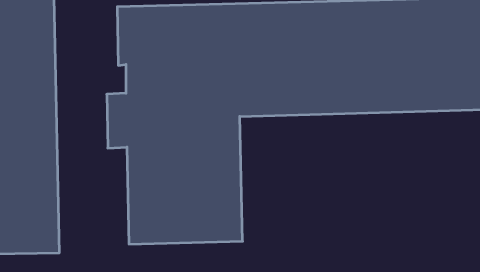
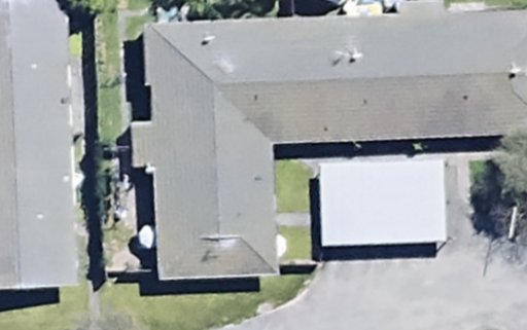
building: none -> [321,158,445,242]

